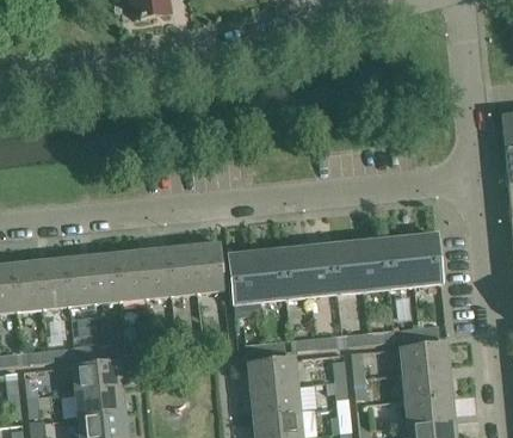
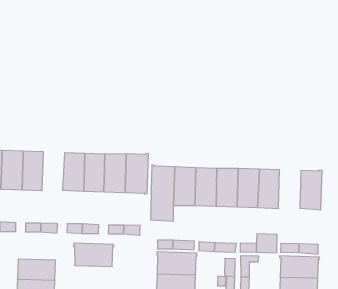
building: [385,237,416,288] -> none
building: [91,253,120,303] -> none
building: [72,359,123,391] -> [73,243,114,267]

